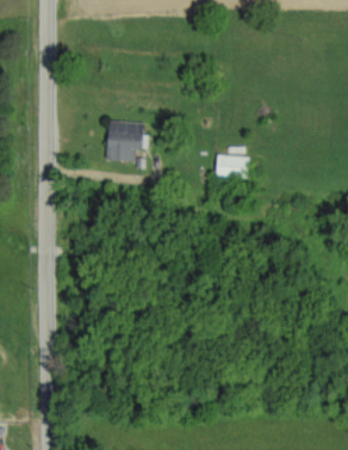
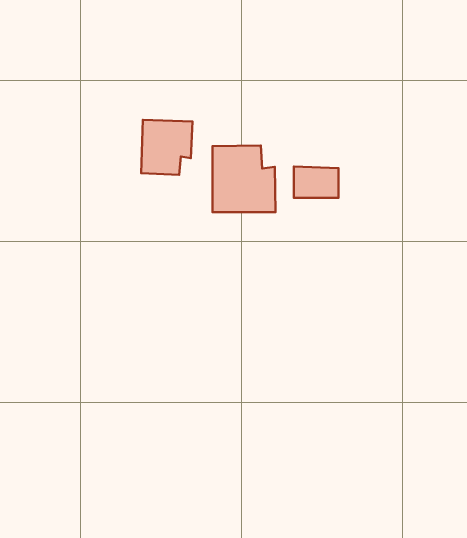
building: none -> [212,146,276,212]

